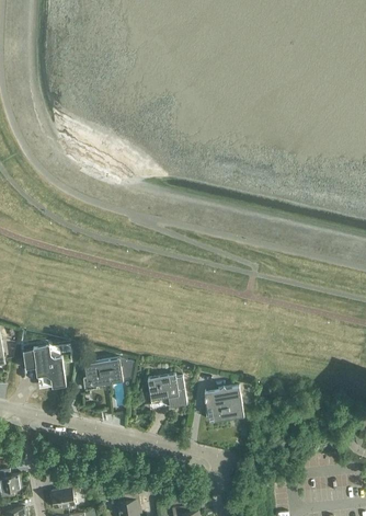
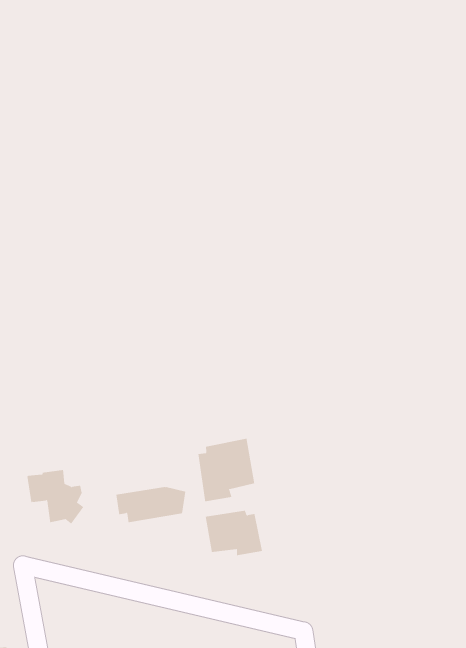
building: none -> [198,438,255,502]
building: [205,387,244,422] -> none

